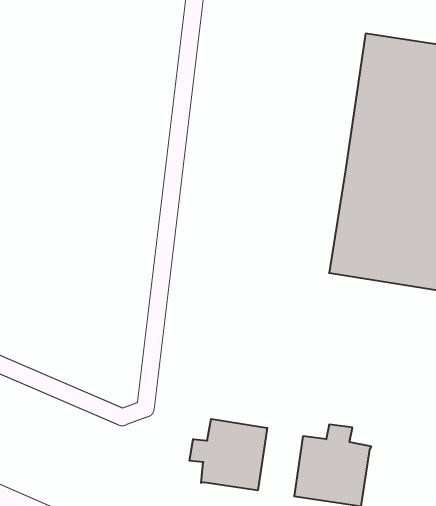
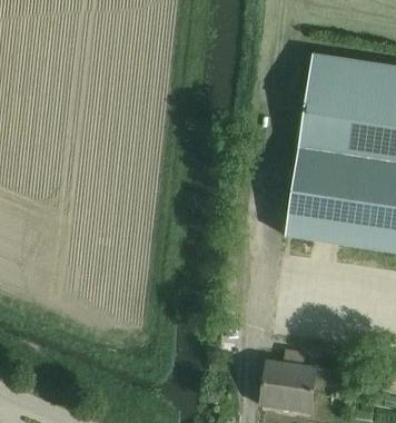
building: [189,419,267,490] -> none

